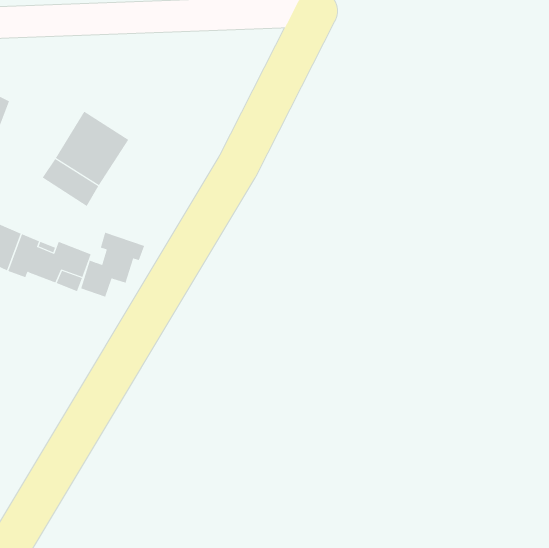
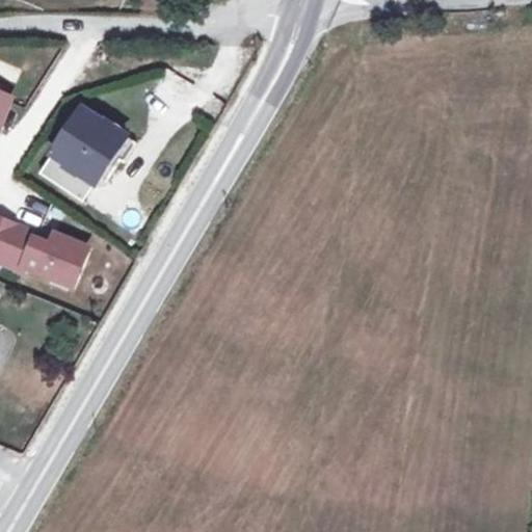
building: [80,232,145,297] -> none

